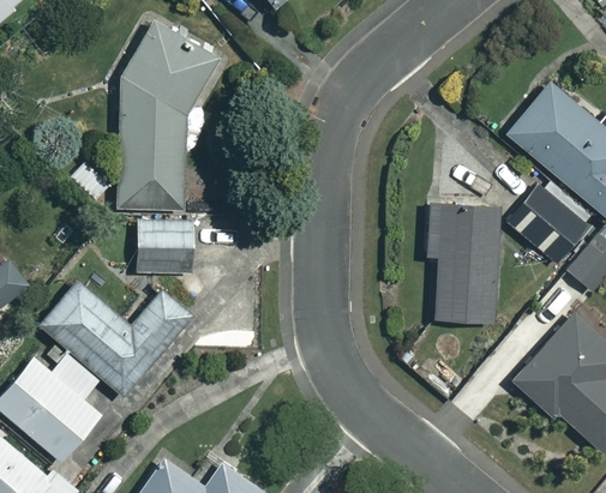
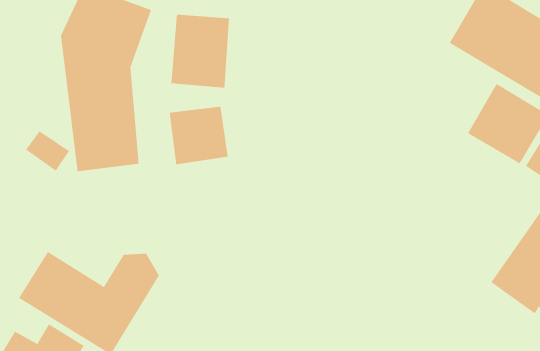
building: none -> [171,14,230,88]
building: [427,204,498,323] -> none
building: [137,222,191,275] -> [169,106,229,165]

